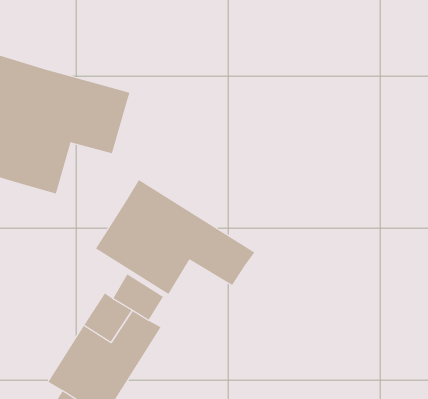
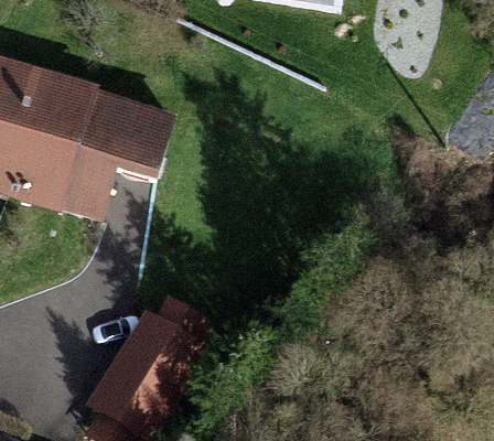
building: [95,179,255,295] -> none

